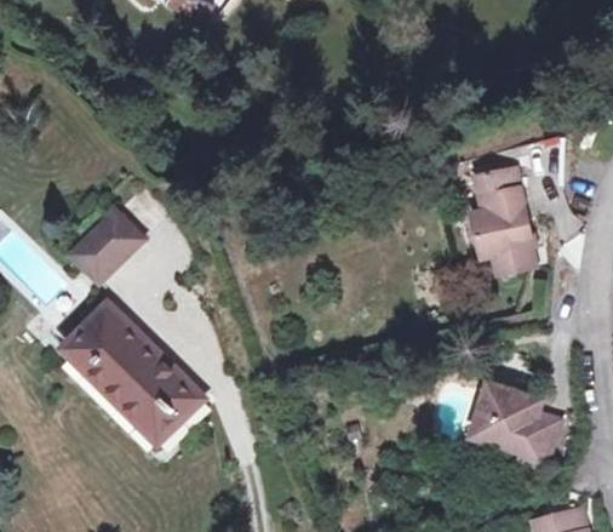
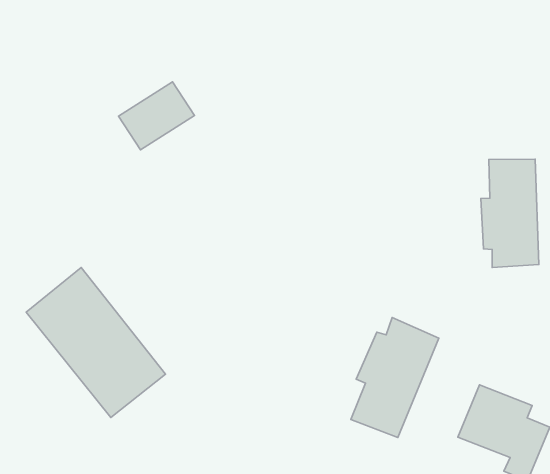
building: [76,211,148,278] -> [119,82,194,150]
building: none -> [351,318,439,438]

